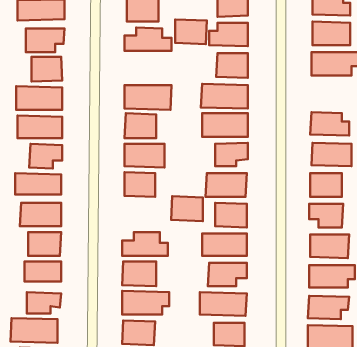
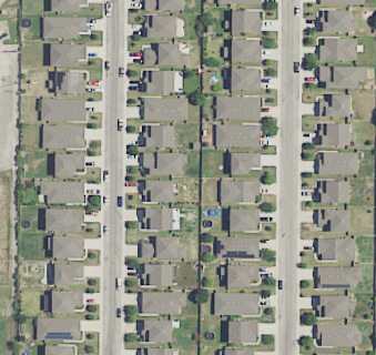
building: [175,19,207,44] -> [145,70,175,93]
building: none -> [319,94,350,118]
building: [171,196,203,221] -> [143,207,173,231]

